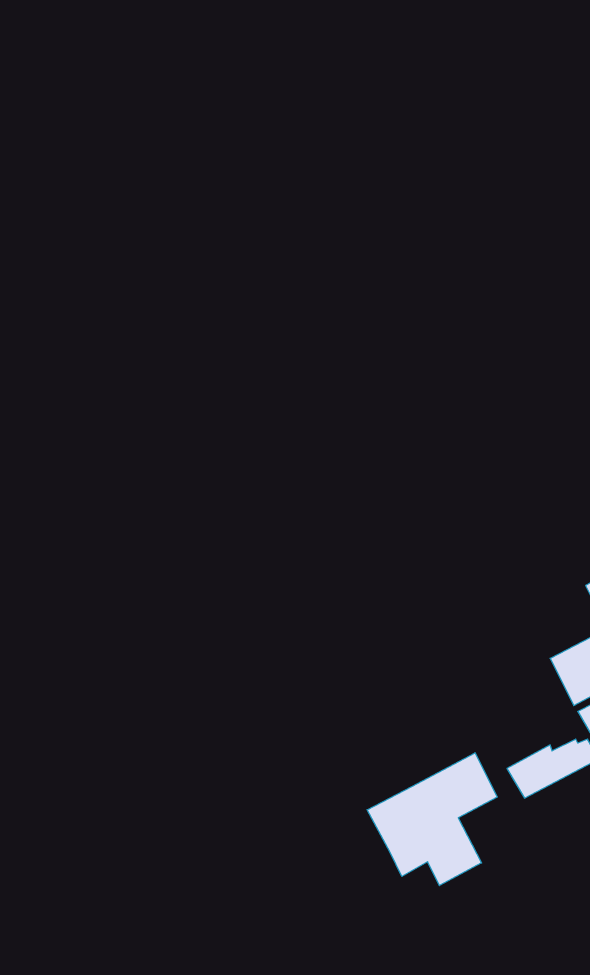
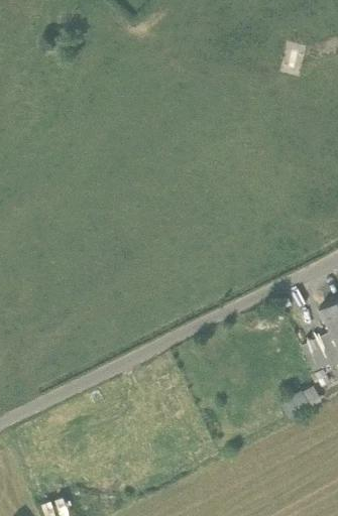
building: [367,753,497,886] -> none

